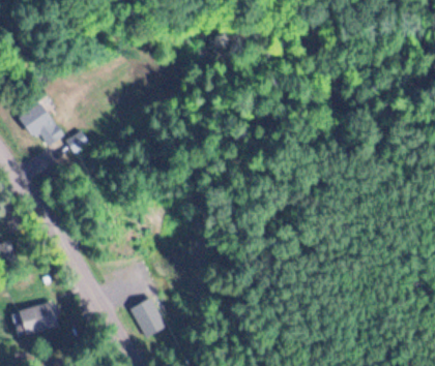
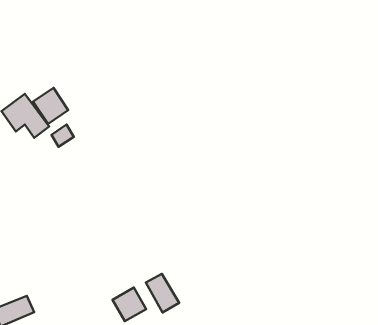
building: none -> [33,88,68,124]
building: none -> [146,274,179,312]

